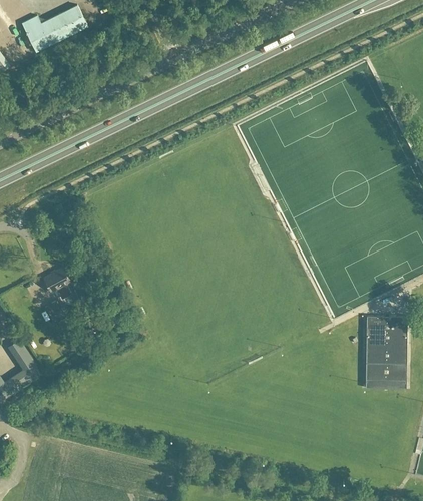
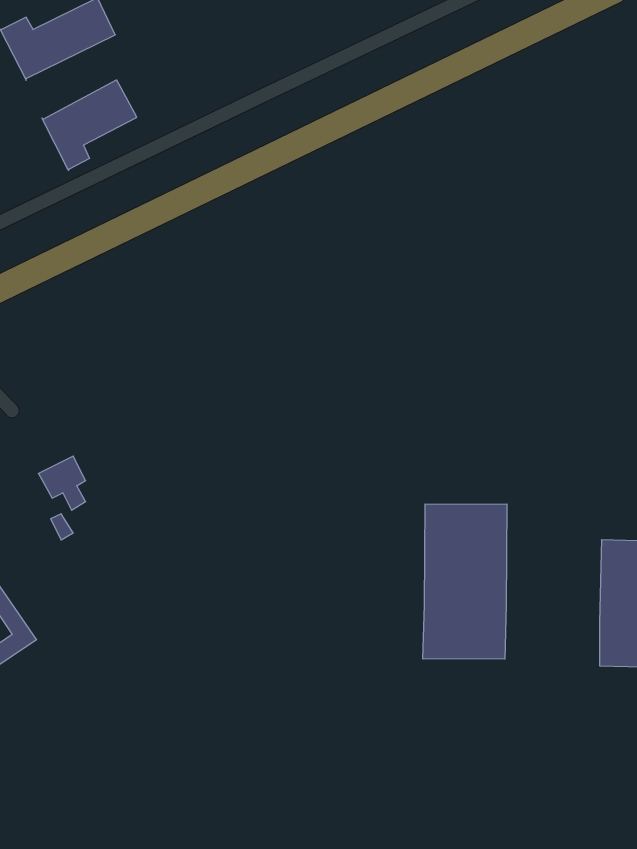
building: none -> [42,80,136,170]
building: none -> [423,504,507,659]

